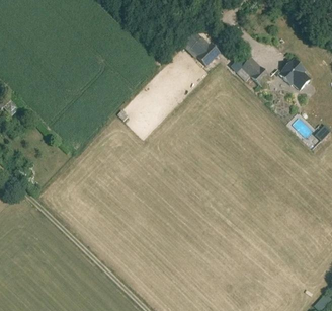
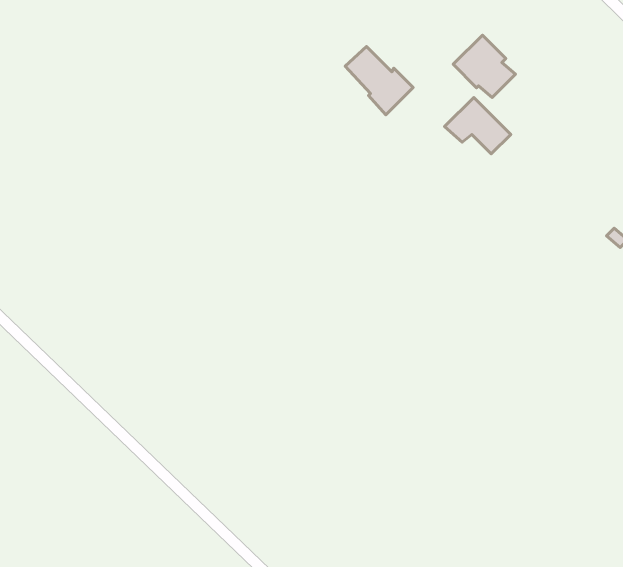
building: [277,57,310,89] -> [453,35,516,97]

